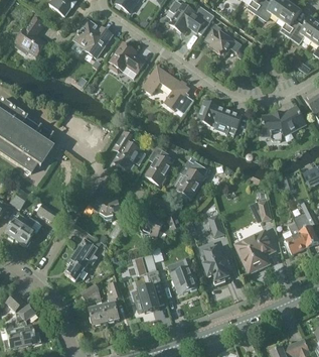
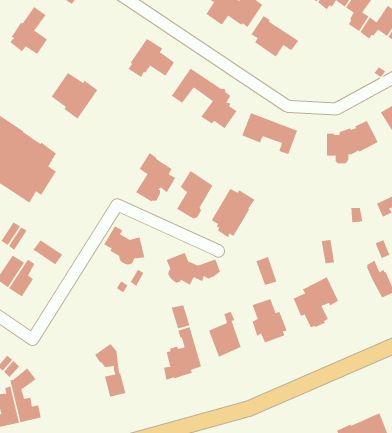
building: [74,20,112,57] -> [51,72,98,119]
building: [284,222,307,253] -> none
building: [65,232,97,280] -> none
building: [103,280,122,322] -> none

